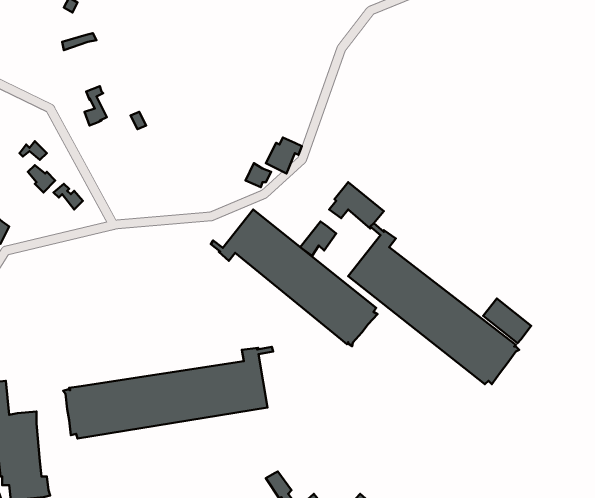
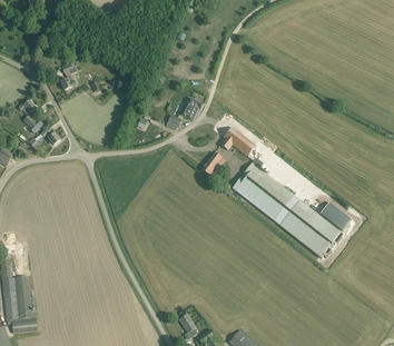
building: [211,210,377,346] -> none
building: [63,347,273,439] -> none

